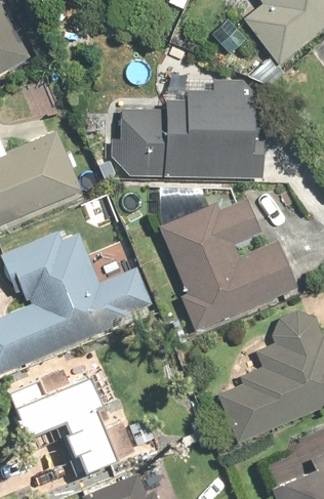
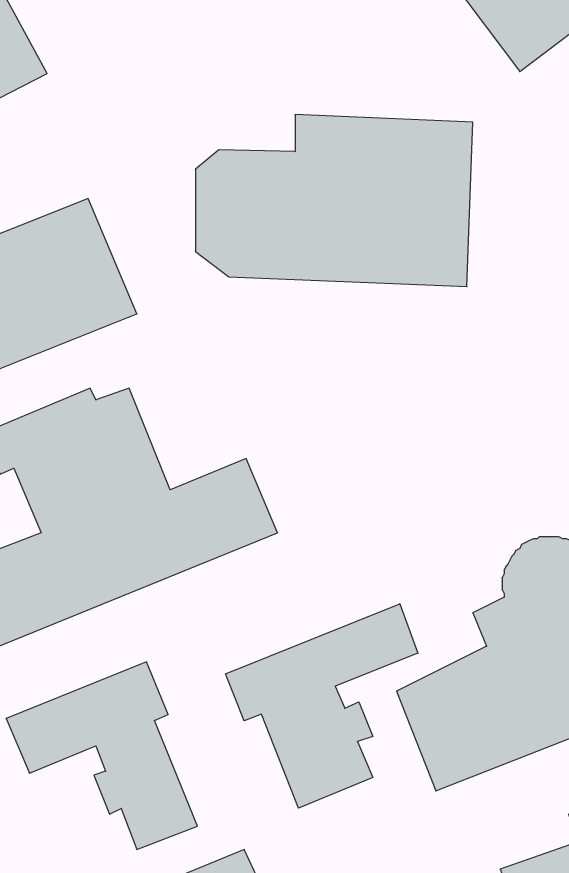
building: [155,197,296,334] -> none
building: none -> [226,604,418,808]

